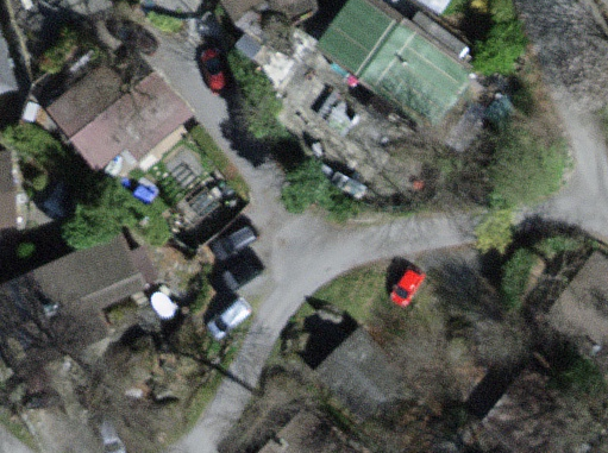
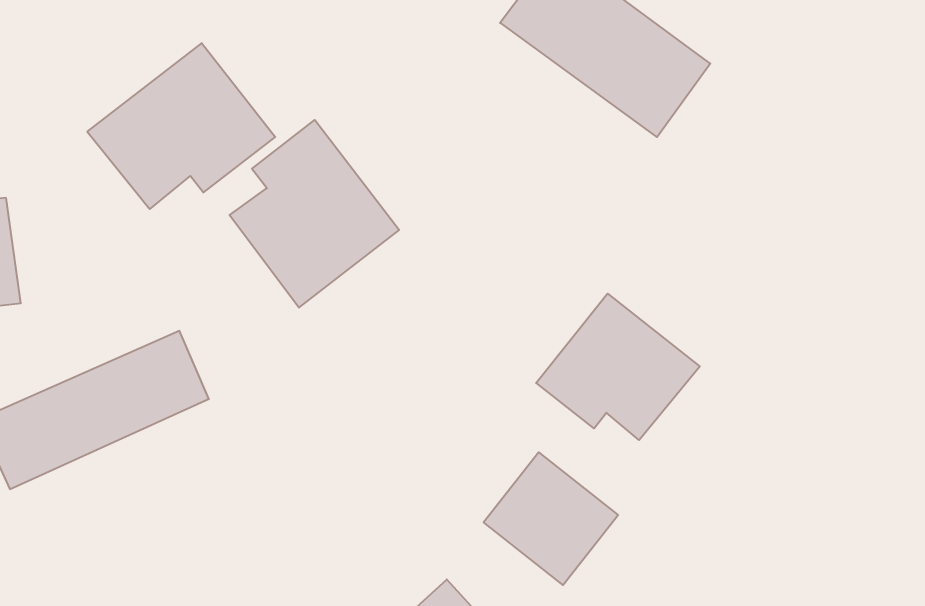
building: none -> [230,120,399,308]
building: none -> [536,294,700,440]

